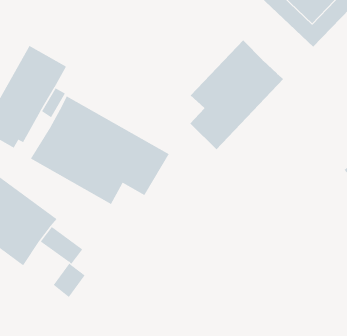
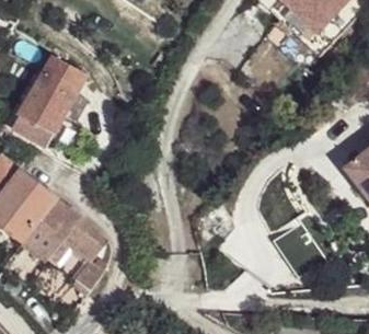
building: [189,39,284,150] -> none
building: [30,95,169,205] -> none

